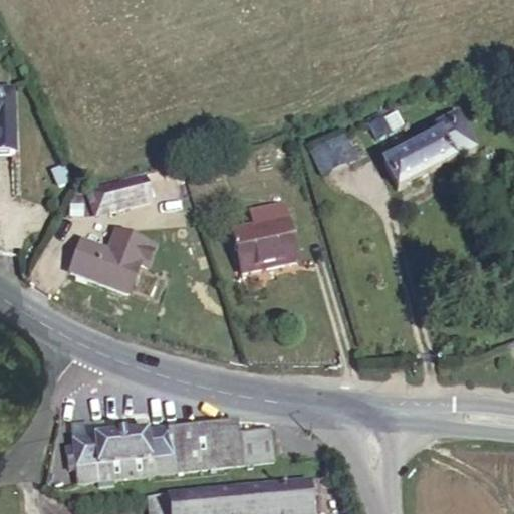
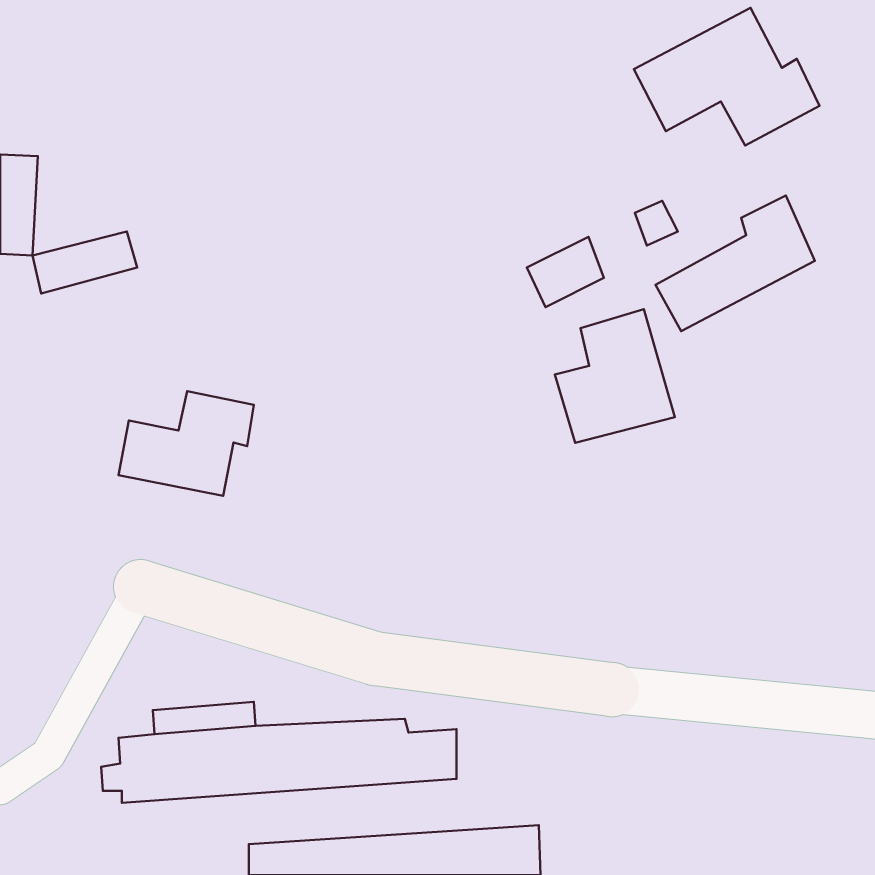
building: none -> [634,8,820,146]
building: [91,180,153,216] -> [33,232,137,293]
building: [230,198,300,276] -> [555,309,675,443]

